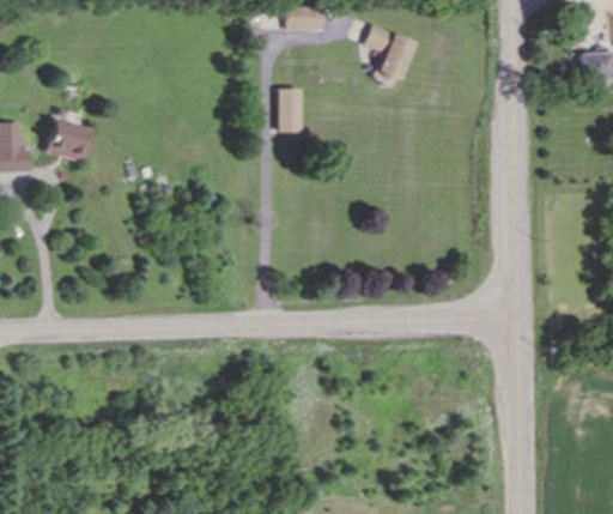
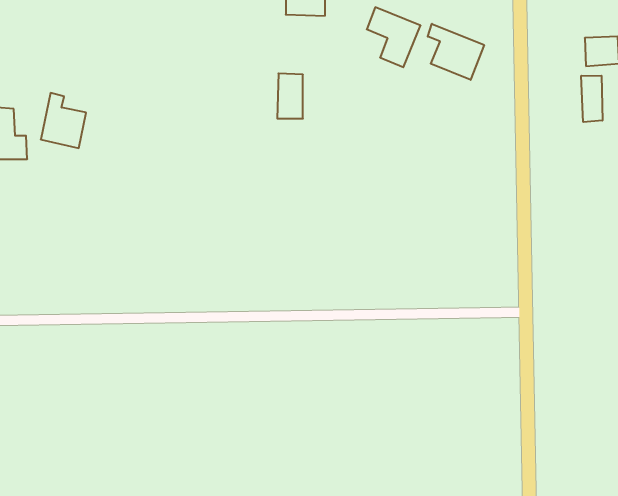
building: none -> [428,24,484,80]
building: none -> [581,76,602,122]

